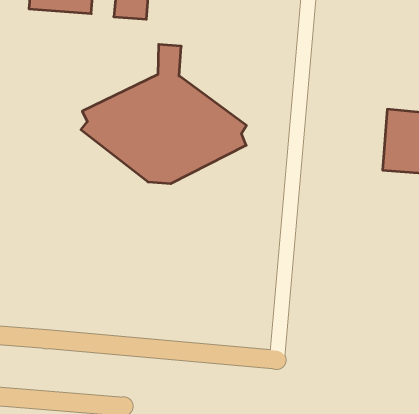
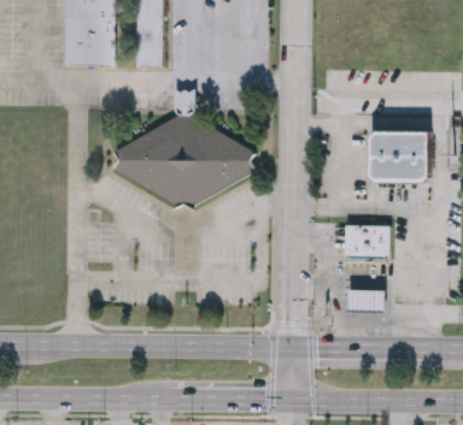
building: none -> [346,224,389,259]
building: none -> [348,288,386,309]

